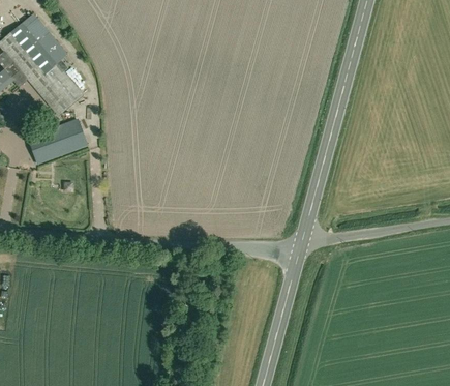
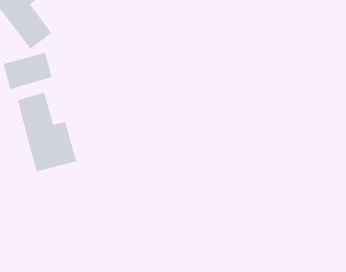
building: none -> [17,92,77,172]

